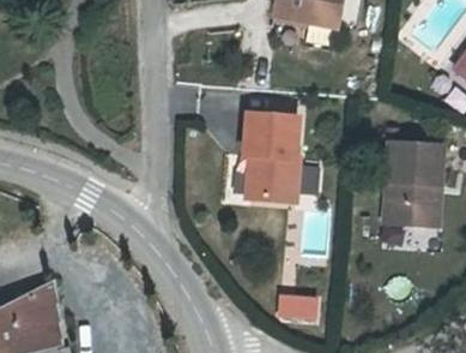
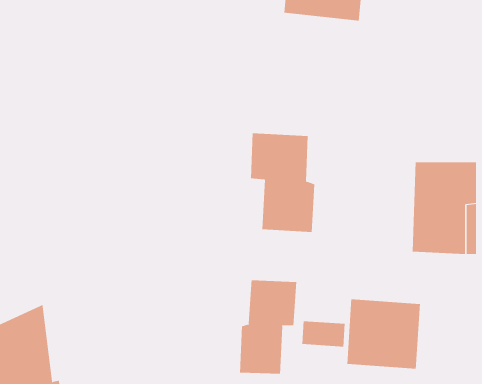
building: none -> [239,280,297,375]
building: none -> [347,298,420,370]

